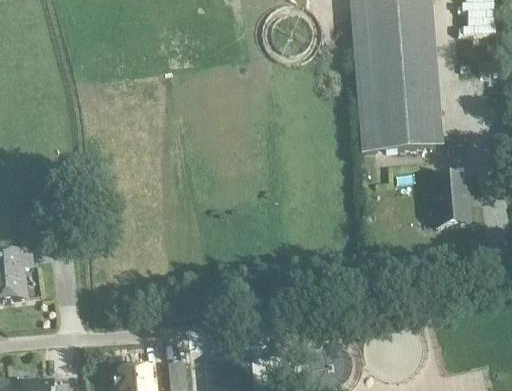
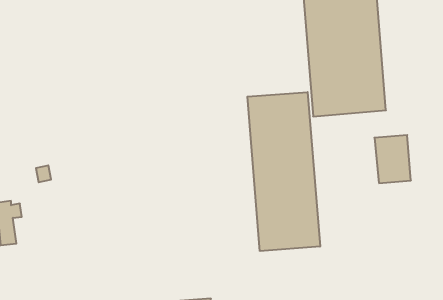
building: none -> [247,92,320,251]

